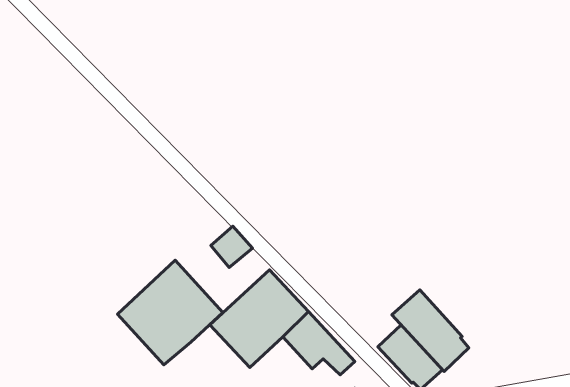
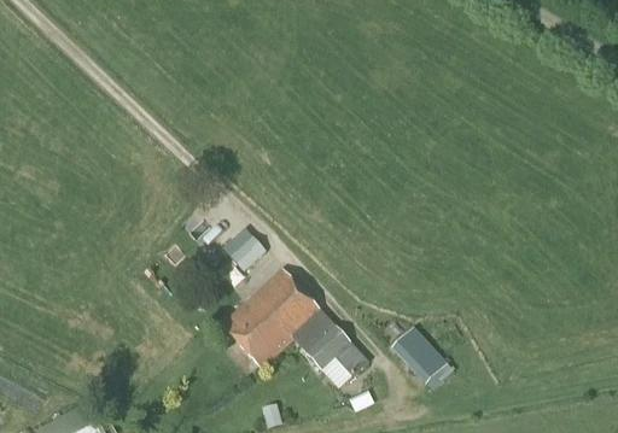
building: [118,260,223,365] -> none
building: [392,290,469,372] -> none

